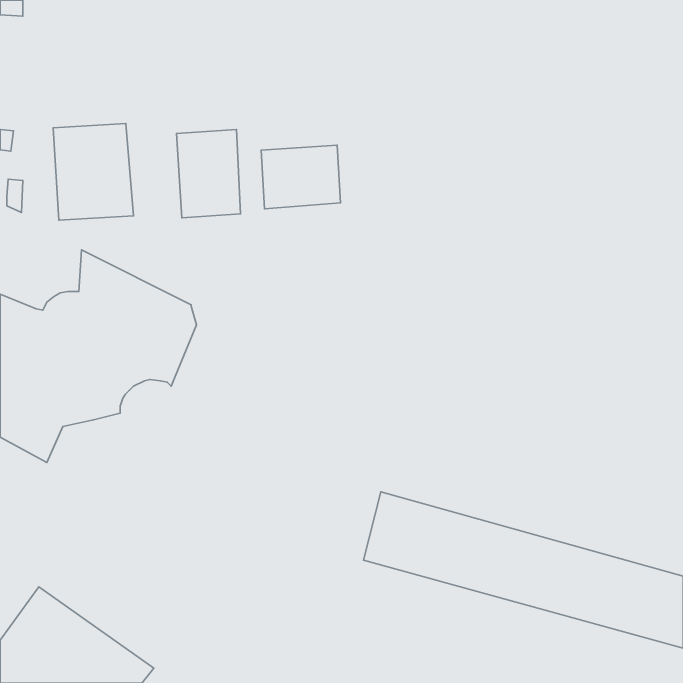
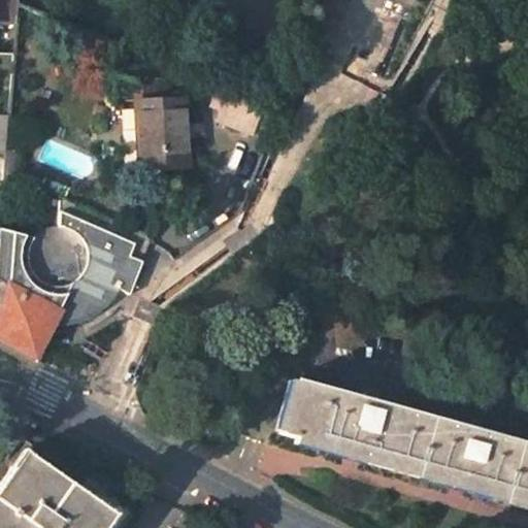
building: [53,123,133,220] -> none
building: [261,145,341,209] -> none

